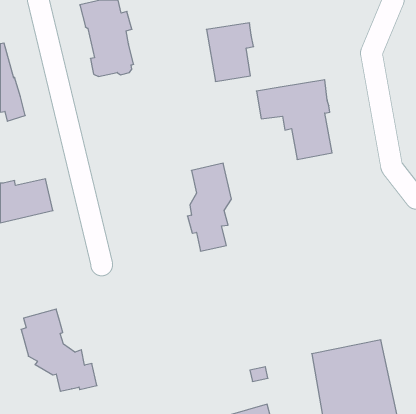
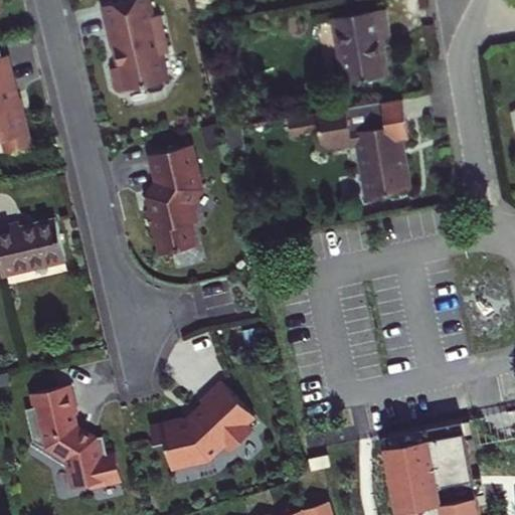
building: [206,23,254,81] -> [333,11,391,83]
building: [187,163,231,251] -> [144,152,198,261]
building: none -> [149,381,252,469]

